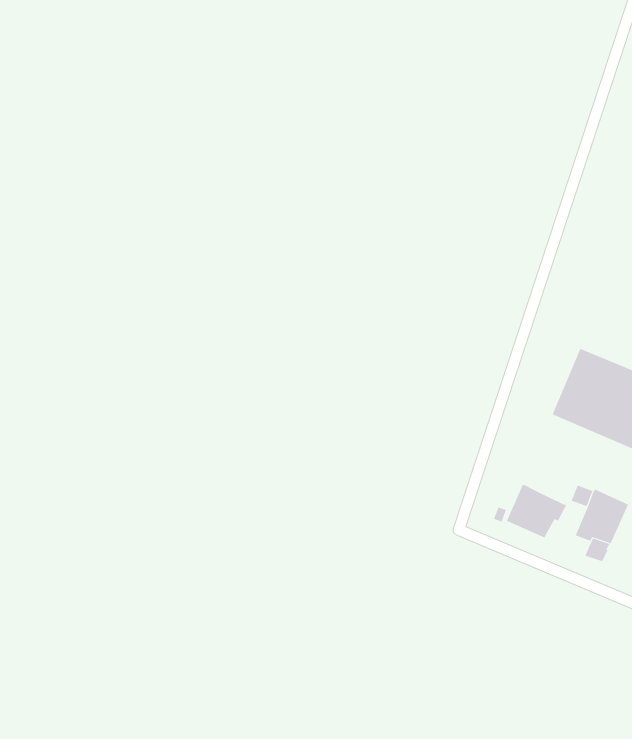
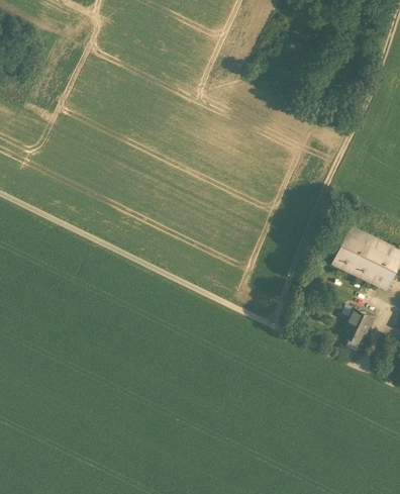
building: [506,484,567,541] -> none

